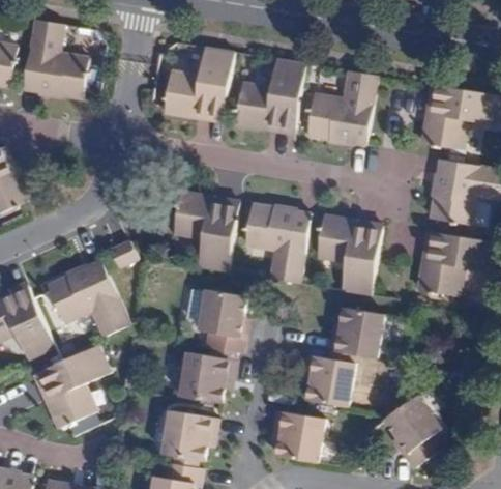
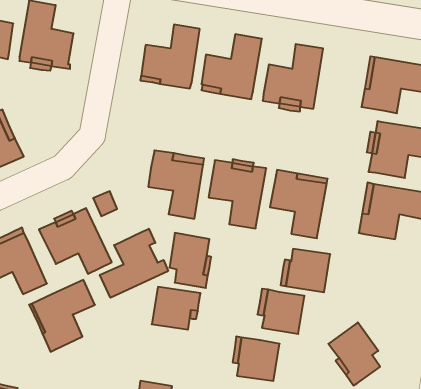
building: none -> [100,229,168,298]
building: [160,410,211,461] -> none

